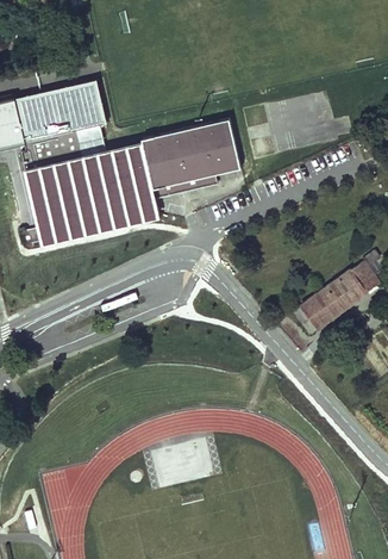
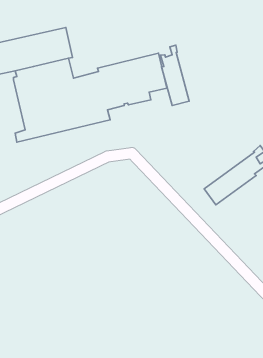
building: none -> [161,45,189,106]

